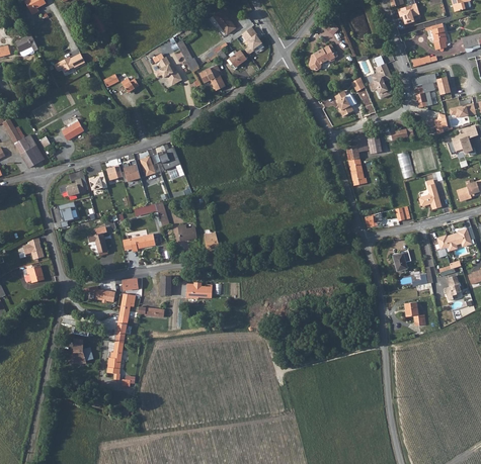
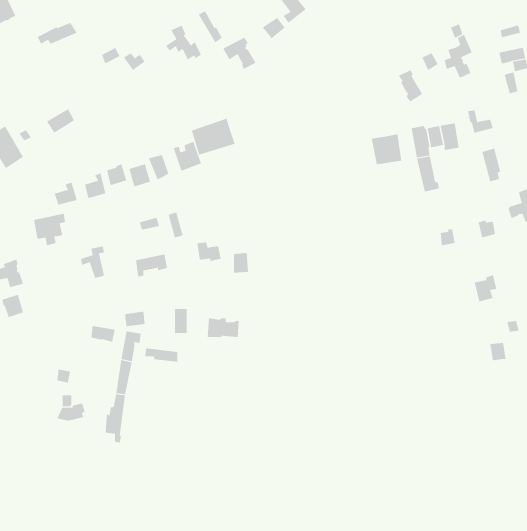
building: [308,44,336,70] -> none
building: none -> [191,118,236,156]
building: none -> [371,134,402,165]

